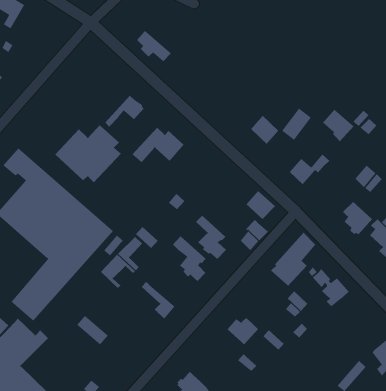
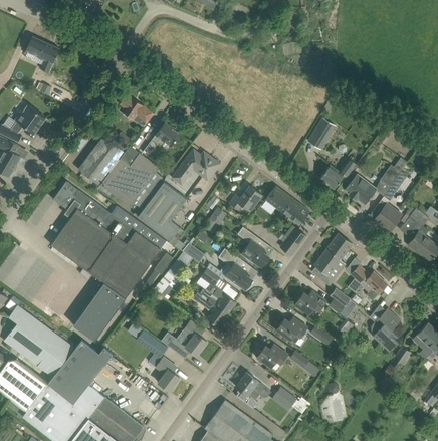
building: [136,30,172,62] -> [120,94,154,123]
building: none -> [78,137,124,185]
building: [321,109,354,142] -> [346,175,377,205]
building: [250,115,279,145] -> [265,186,292,213]
building: none -> [139,183,186,241]
building: none -> [229,186,262,212]
building: none -> [200,269,236,314]
building: none -> [295,291,326,314]
building: none -> [161,321,207,360]
building: none -> [371,308,401,351]
building: none -> [257,345,288,368]
building: none -> [157,358,180,391]

